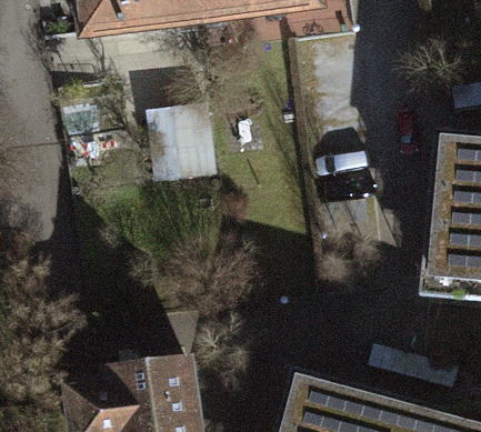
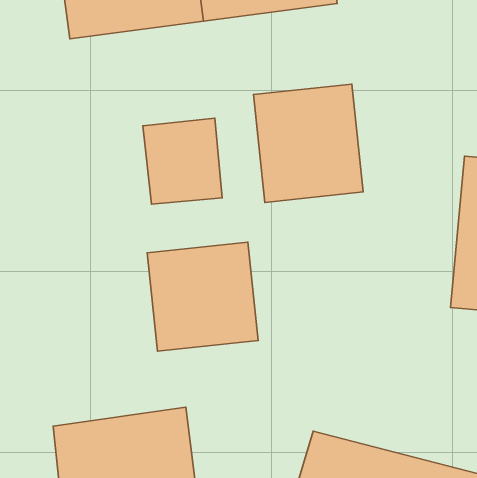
building: none -> [254,84,363,202]
building: none -> [147,242,258,351]

